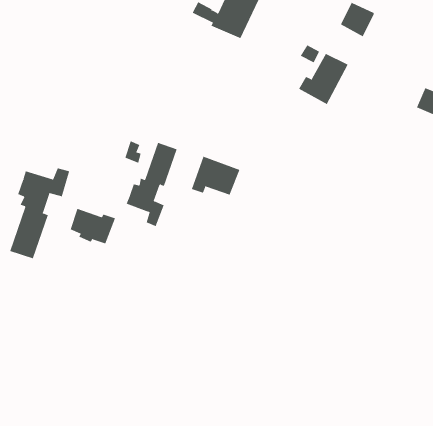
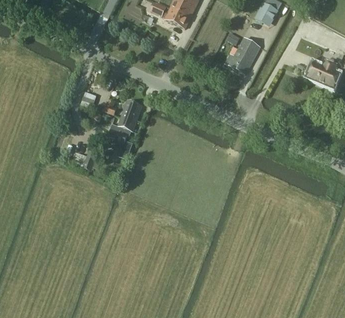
building: [191,156,240,195] -> none
building: [9,167,70,259] -> none

